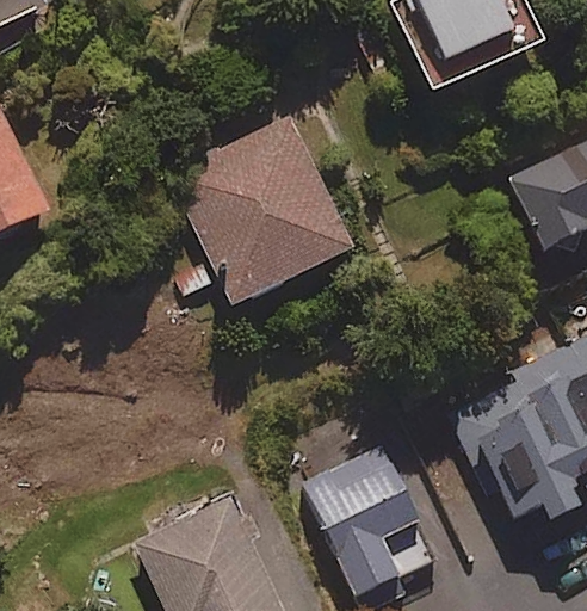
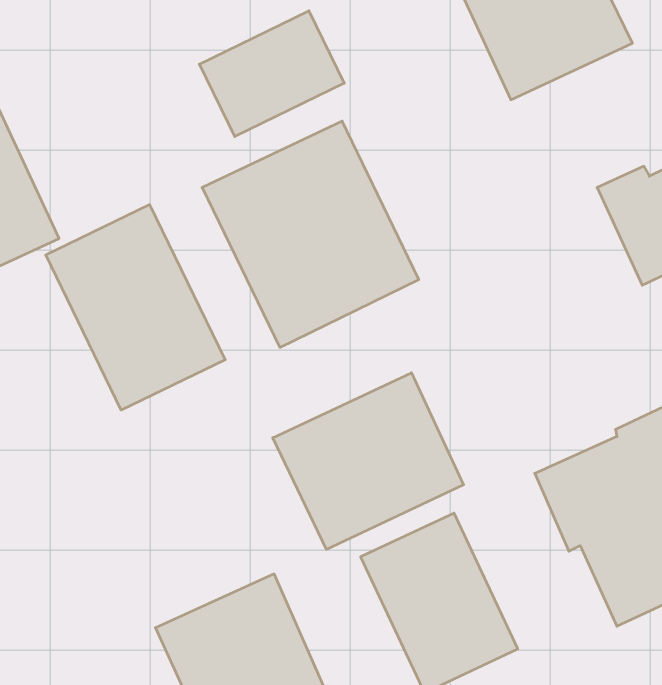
building: none -> [199,11,344,137]
building: none -> [46,205,225,410]
building: none -> [273,373,464,549]

